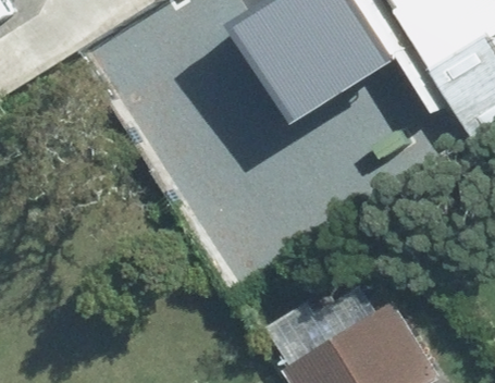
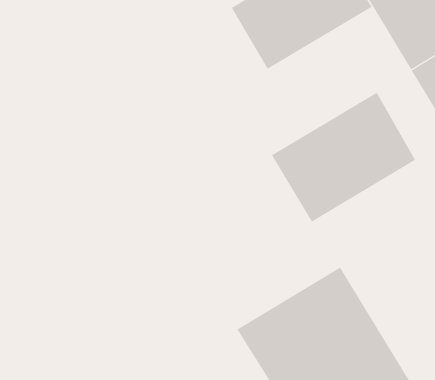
building: none -> [271,92,416,223]

